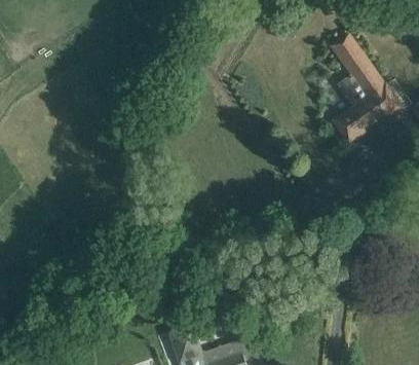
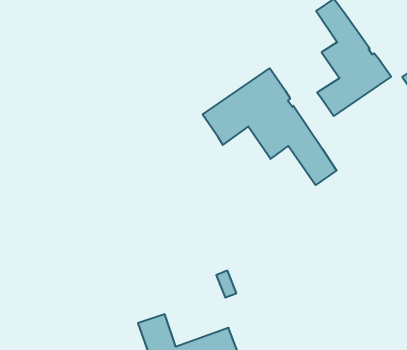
building: none -> [203,68,337,185]

